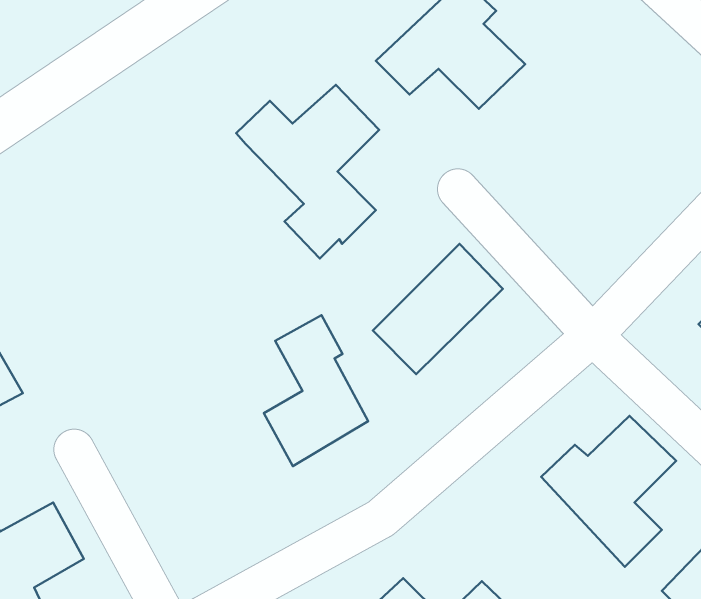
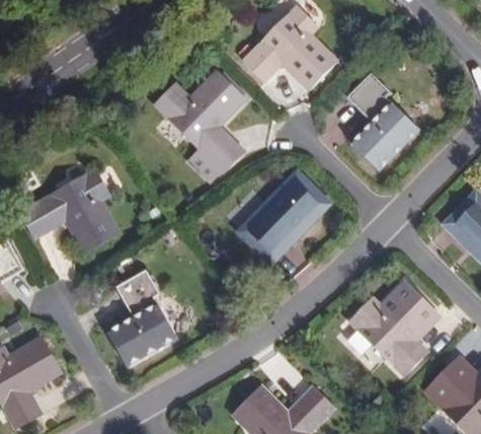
building: none -> [347,75,417,170]
building: none -> [20,168,119,251]
building: [264,315,368,466] -> [108,268,174,363]

